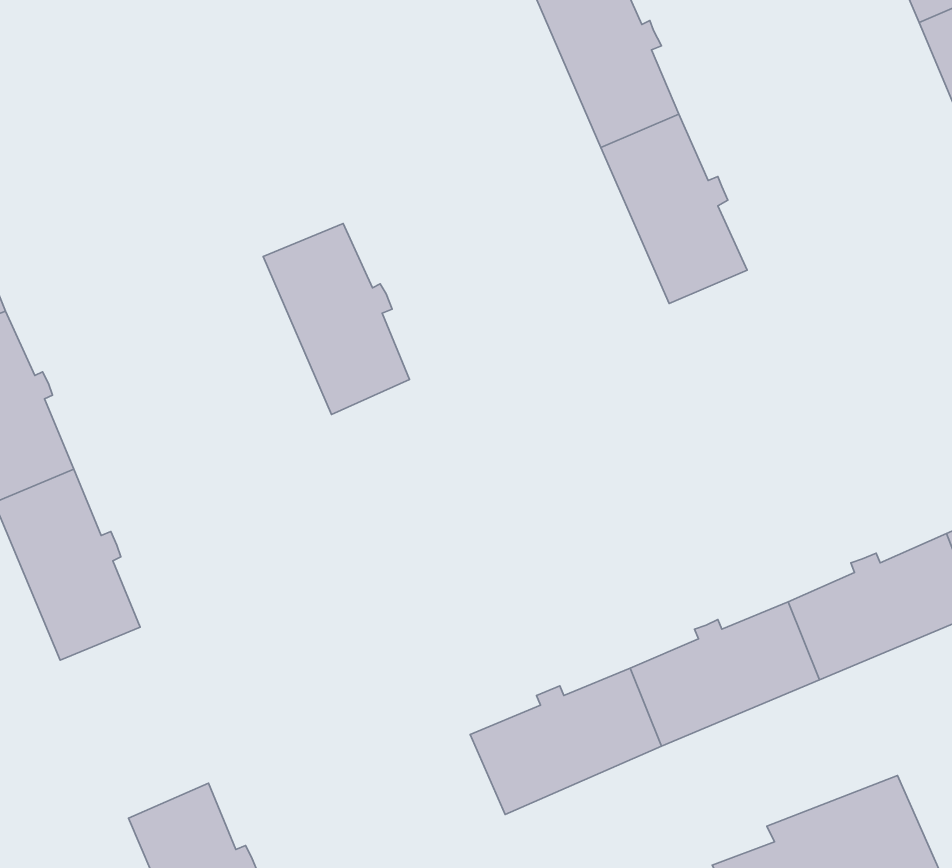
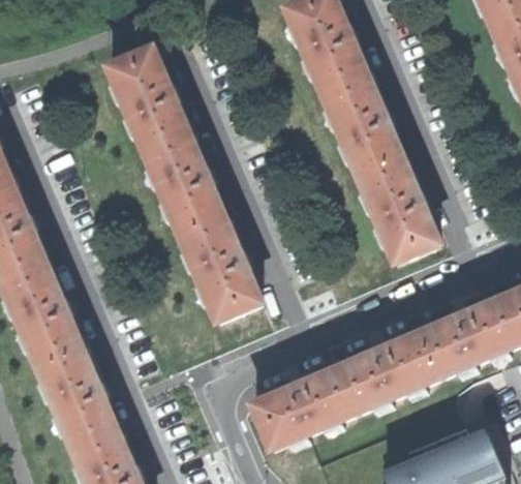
building: none -> [109,50,187,152]
building: none -> [360,159,437,261]
building: none -> [181,217,258,320]
building: none -> [37,349,116,450]

